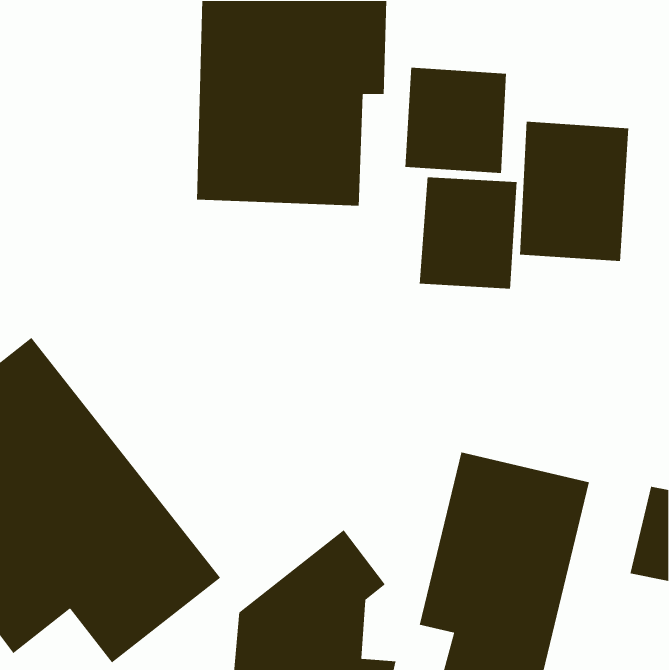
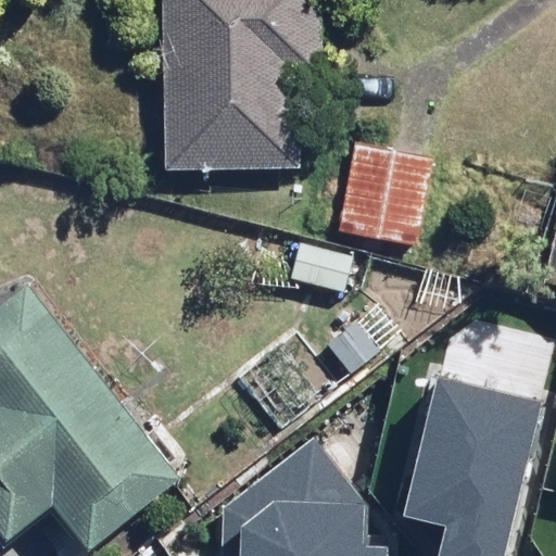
building: [404,67,507,174] -> none
building: [519,121,629,262] -> none

